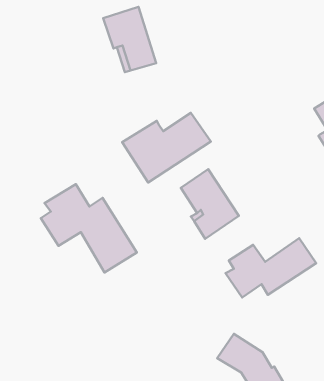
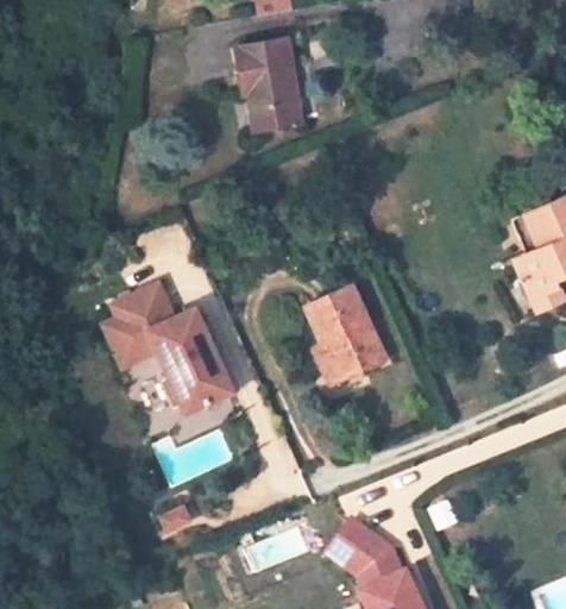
building: [122,113,211,182] -> none
building: [226,238,316,297] -> none

